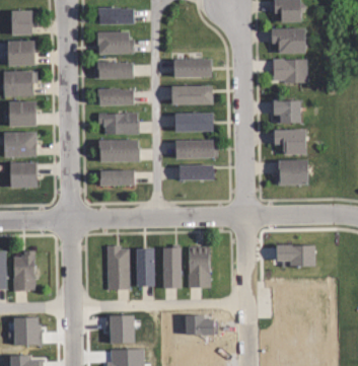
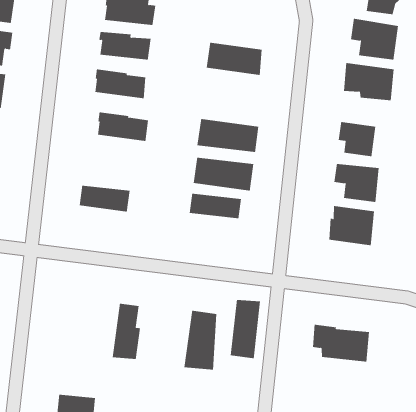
building: [173,85,214,104] -> none
building: [99,139,141,158] -> none
building: [108,245,130,289] -> none
building: [161,247,180,288] -> [230,299,261,359]

